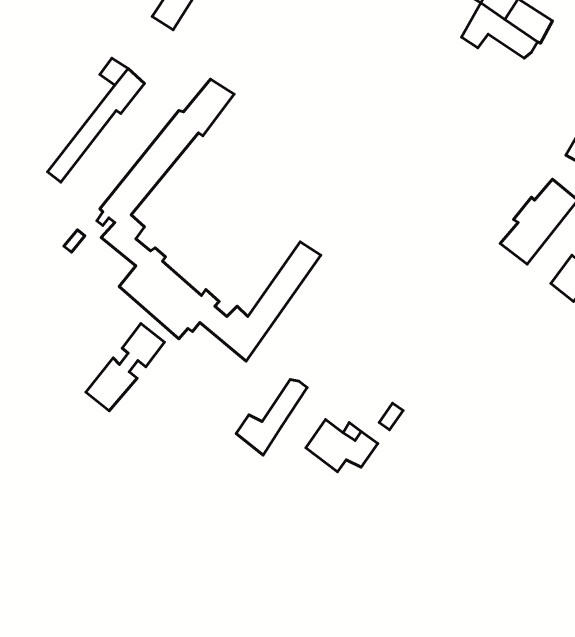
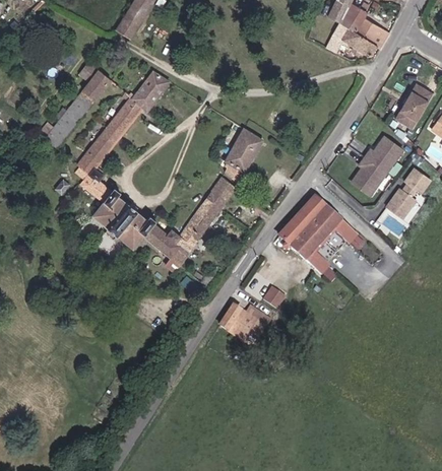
building: none -> [218,130,262,186]
building: none -> [279,199,357,275]
building: [86,324,164,411] -> none
building: [236,380,307,455] -> none

